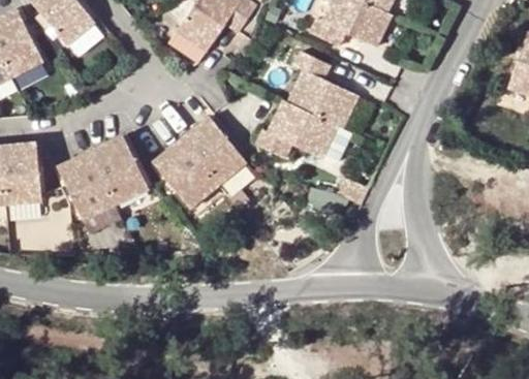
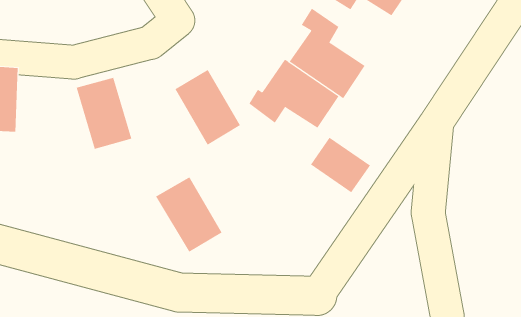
building: [154,141,220,211] -> [155,177,223,253]
building: [61,153,118,222] -> none
building: none -> [310,137,371,193]

